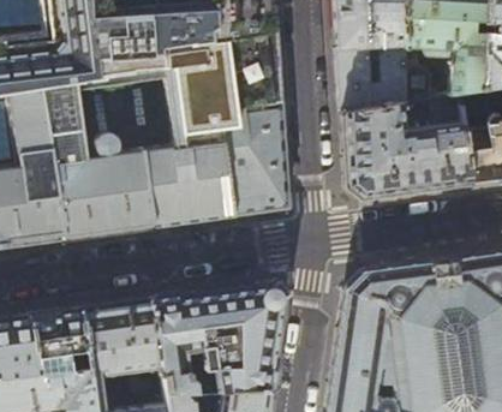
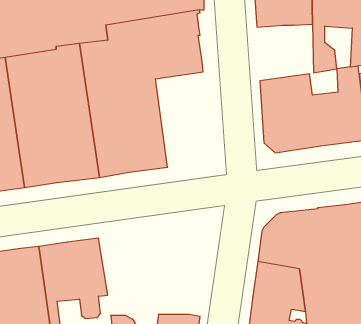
building: [335,49,402,117] -> none
building: [215,106,285,219] -> none
building: [148,285,282,395] -> none

